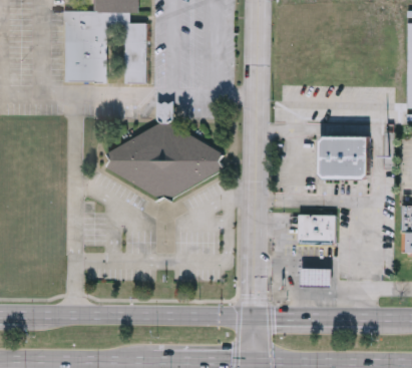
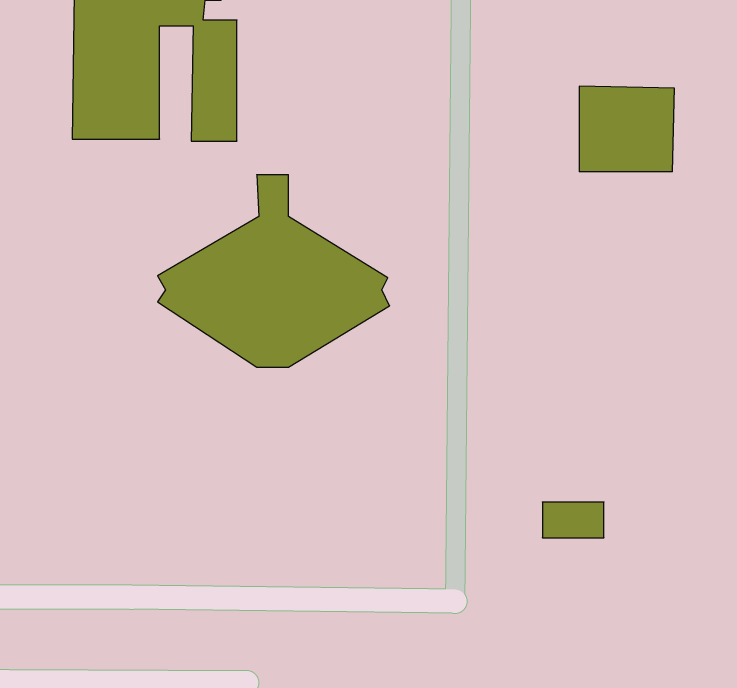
building: [321,134,369,177] -> [579,86,674,172]
building: [299,214,335,243] -> none

